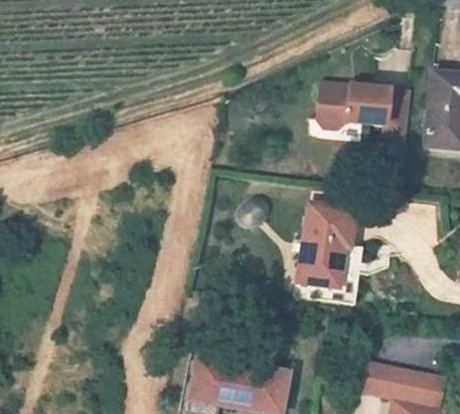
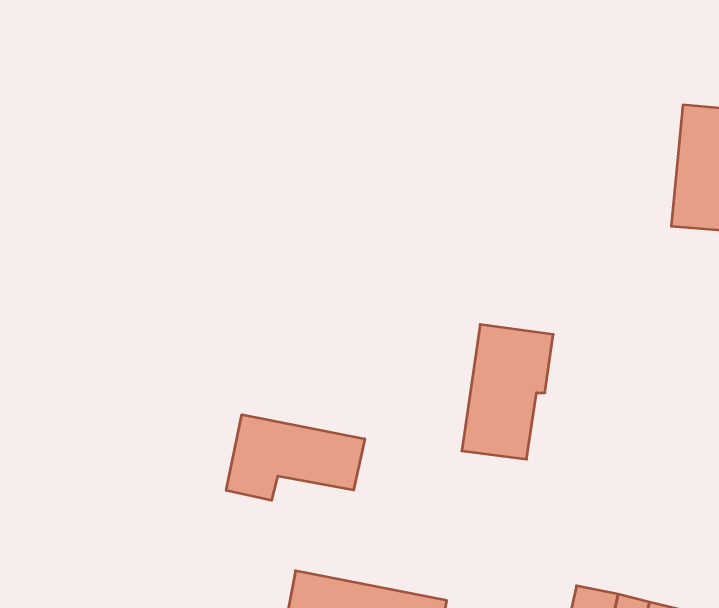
building: [317,83,411,137] -> none
building: none -> [226,415,365,500]

